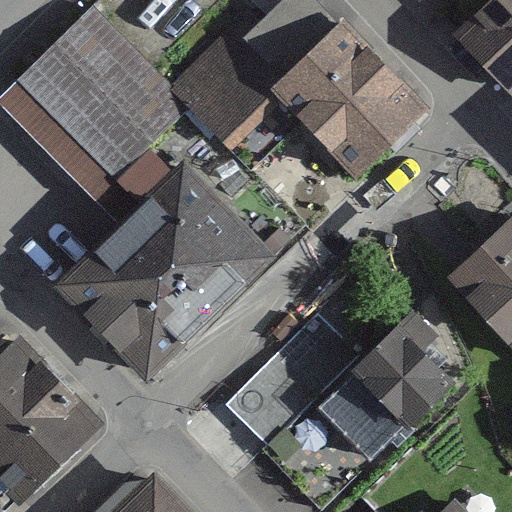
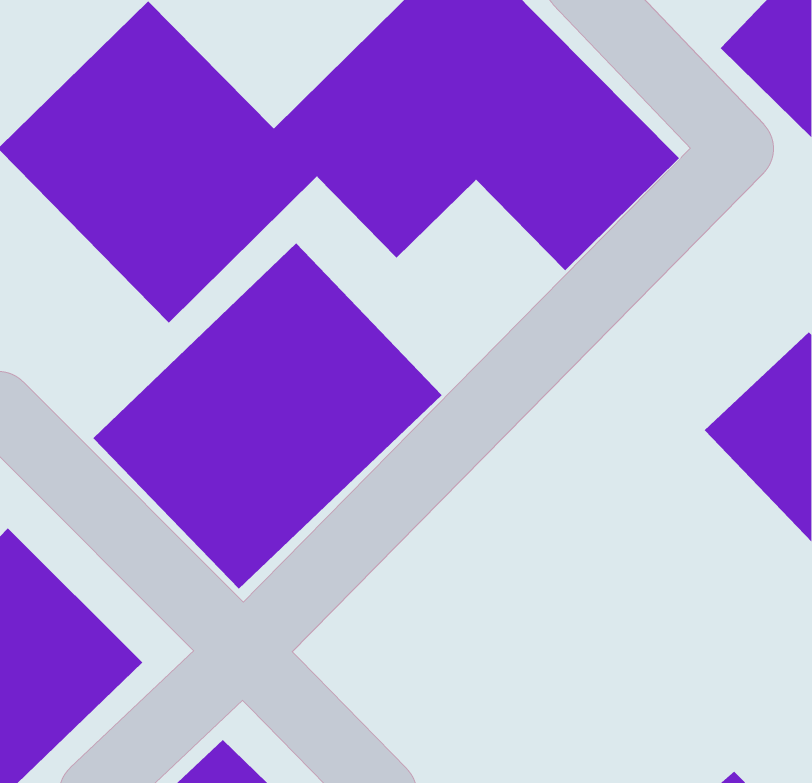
building: [237,305,468,457] -> none

